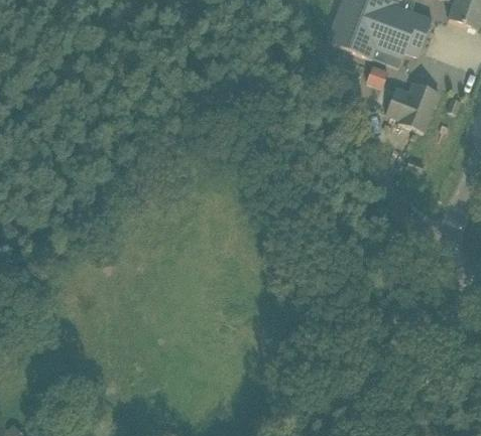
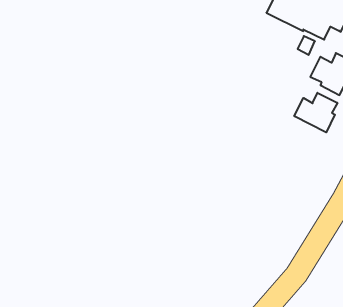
building: none -> [294,93,337,132]

